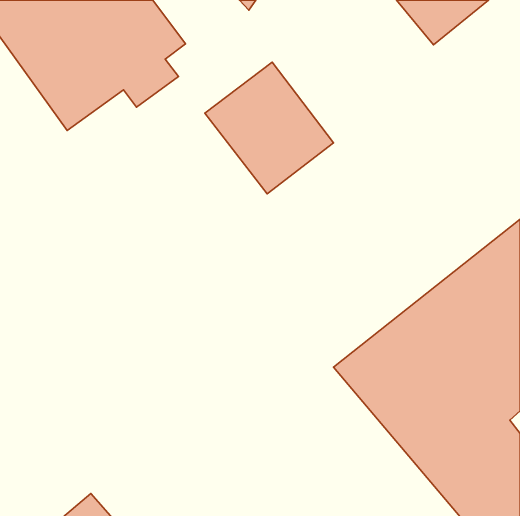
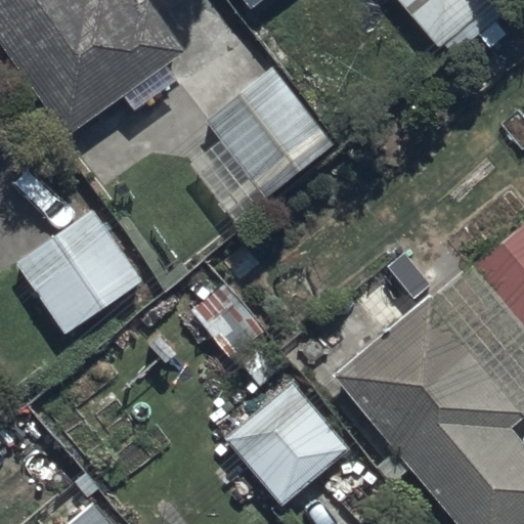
building: none -> [14,206,143,334]
building: none -> [226,383,348,505]

